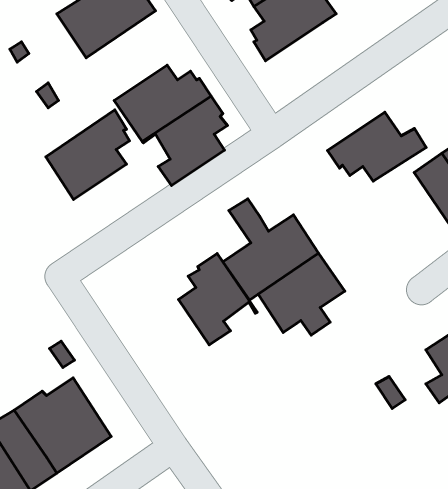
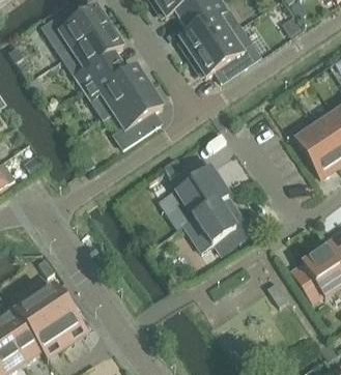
building: [46,110,130,199] -> [63,23,122,86]
building: [328,112,426,181] -> [190,31,259,80]
building: [178,253,257,345] -> none

